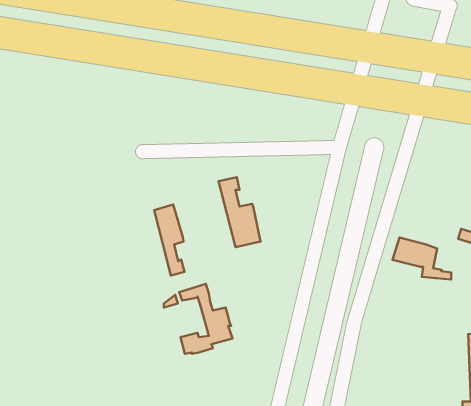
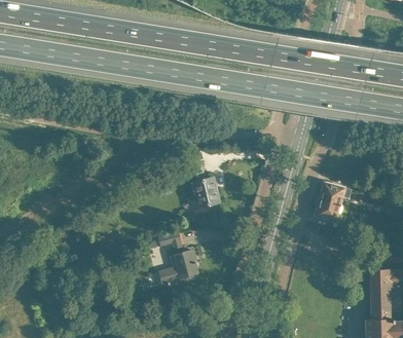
building: [154,205,185,276] -> none
building: none -> [321,184,352,205]

